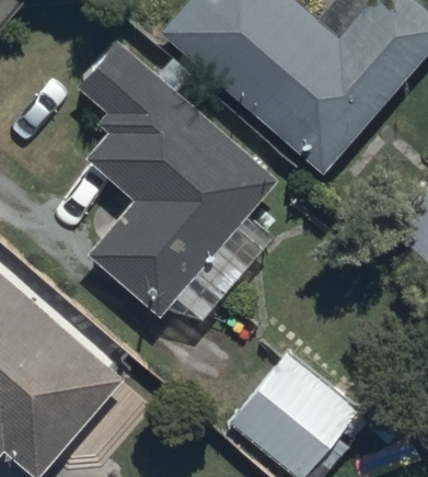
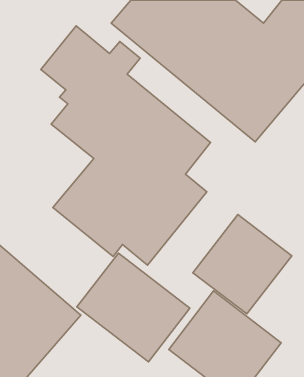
building: none -> [193,215,292,314]
building: none -> [77,253,190,362]

